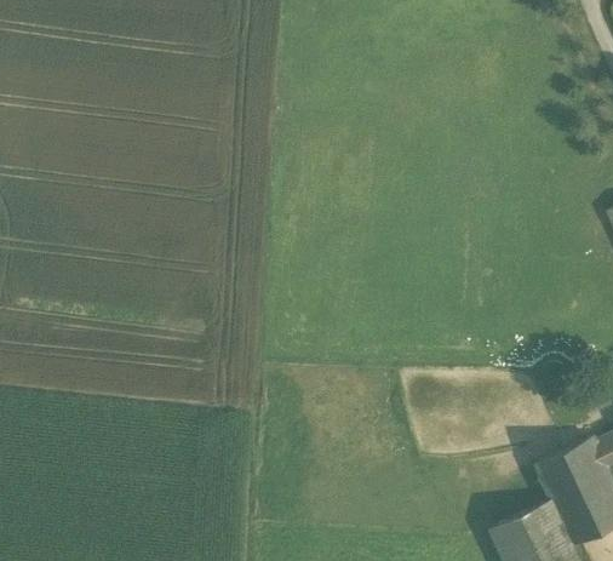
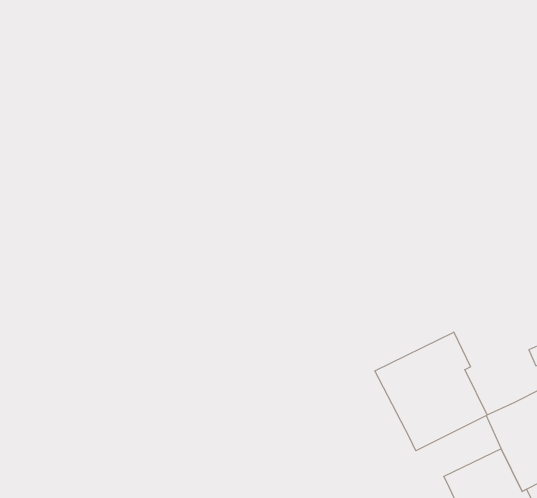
building: none -> [375,332,487,451]

